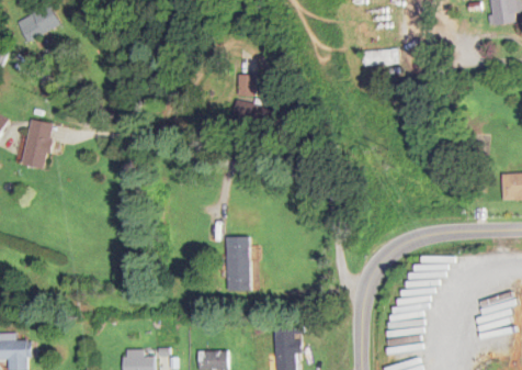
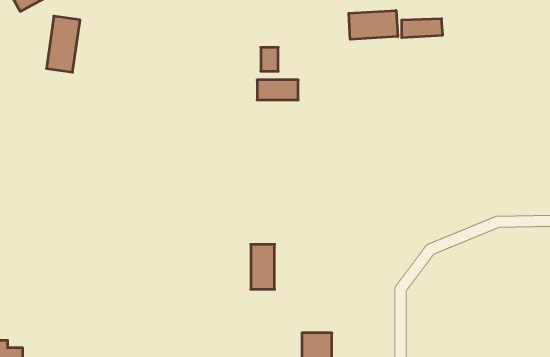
building: none -> [349,10,398,39]
building: [22,120,52,169] -> [46,16,80,72]

